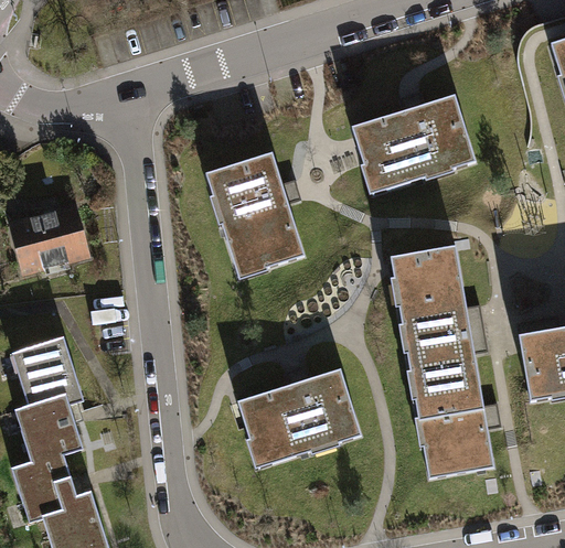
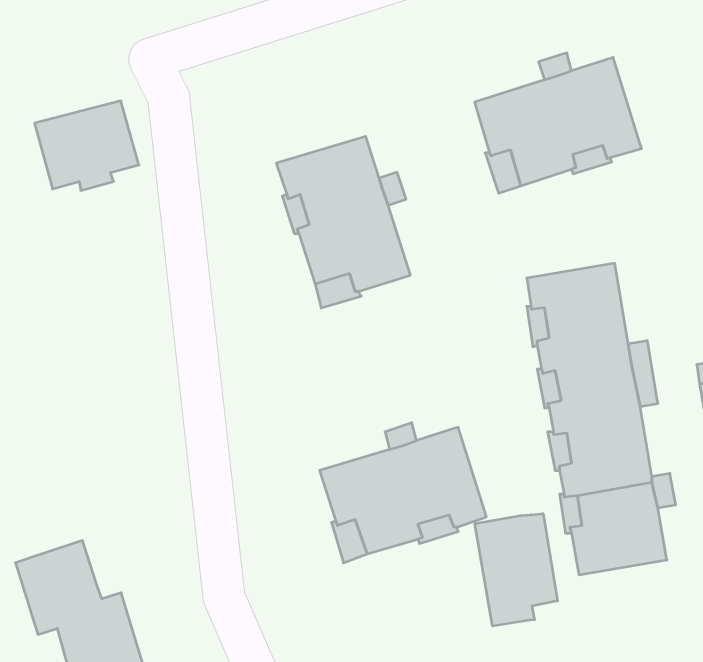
building: [11,207,88,273] -> [35,101,139,190]
building: [12,336,83,462] -> none
building: none -> [475,514,558,626]

